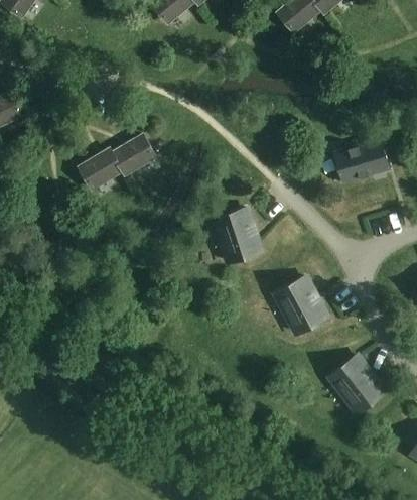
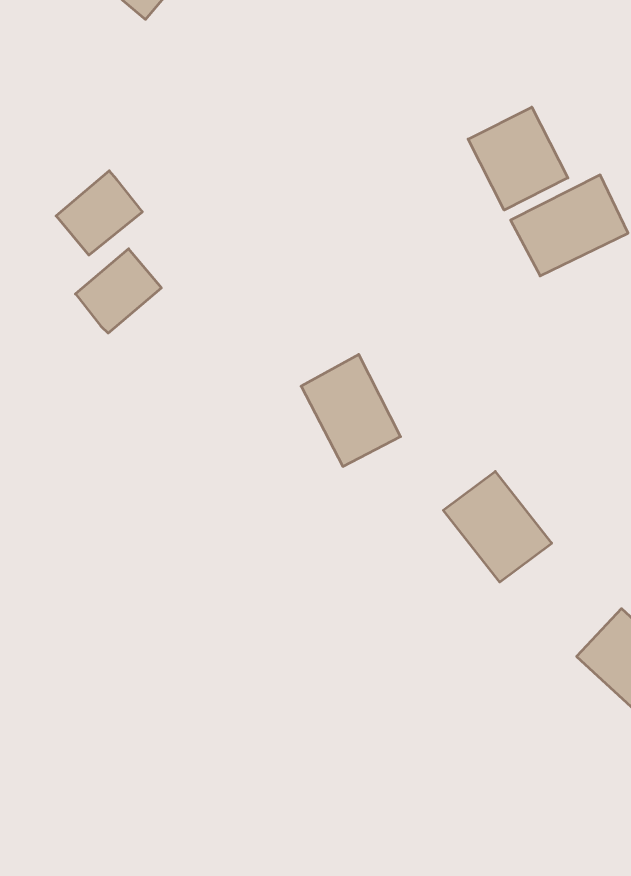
building: none -> [468,107,568,210]
building: [78,149,121,190] -> [56,171,142,255]

